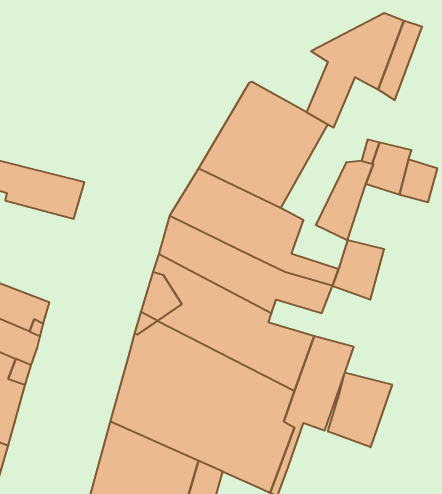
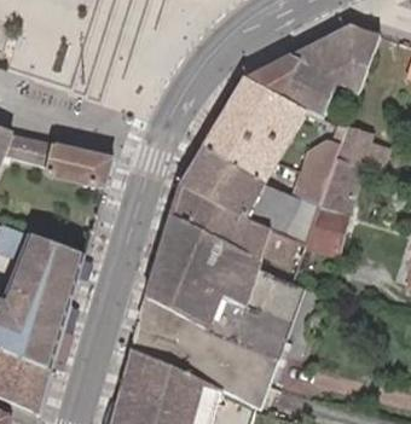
building: none -> [243,54,303,103]
building: none -> [319,159,360,211]
building: [328,373,392,447] -> none

